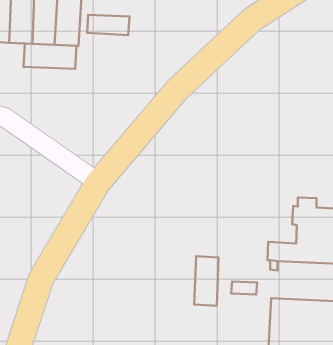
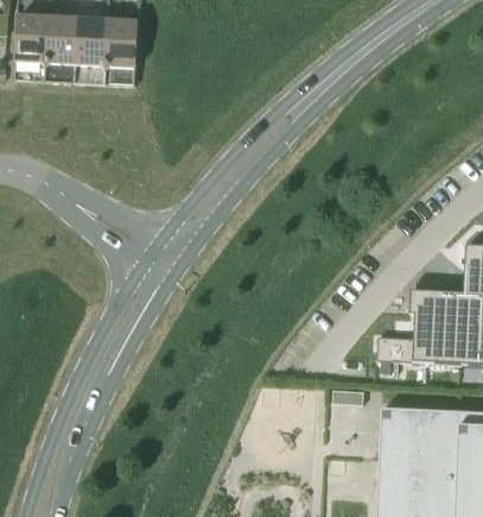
building: [87,15,129,35] -> none
building: [24,44,76,69] -> none
building: [194,256,219,306] -> none

